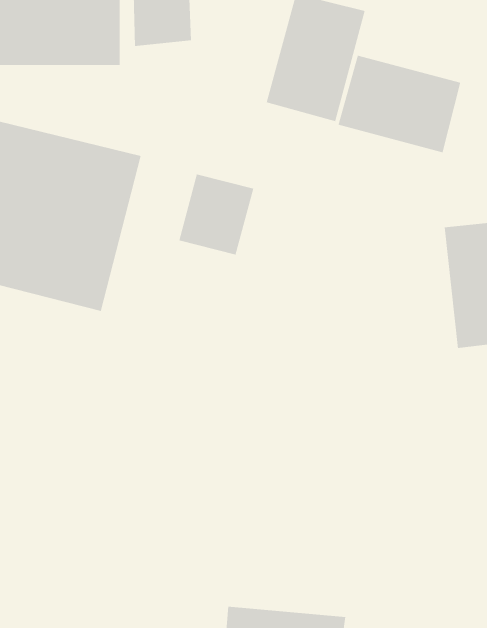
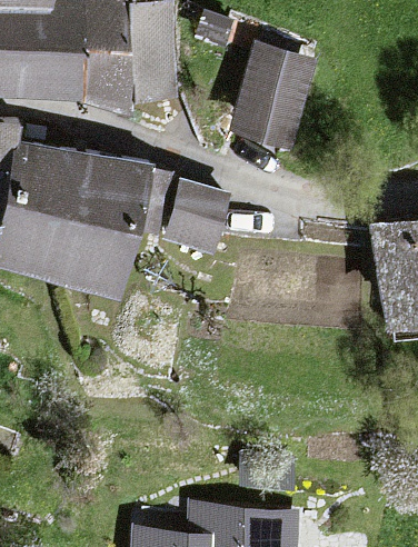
building: [338,55,461,153] -> none

